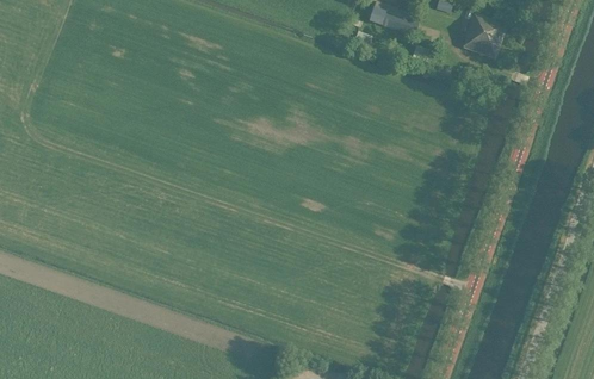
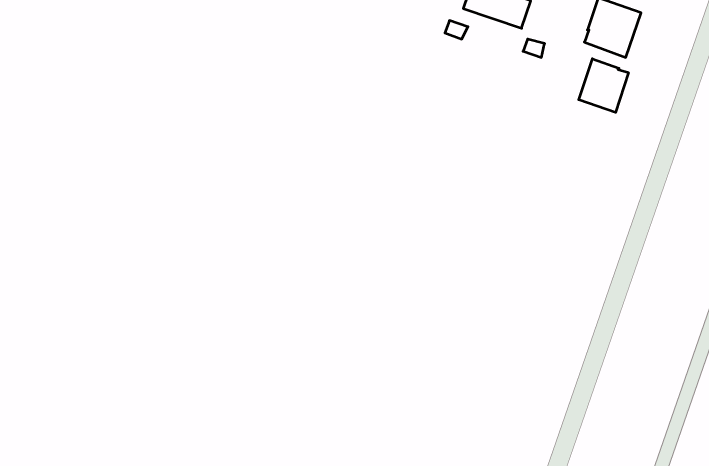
building: none -> [579,59,628,112]

